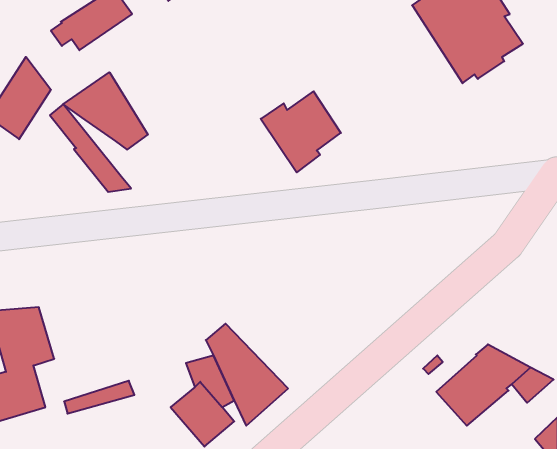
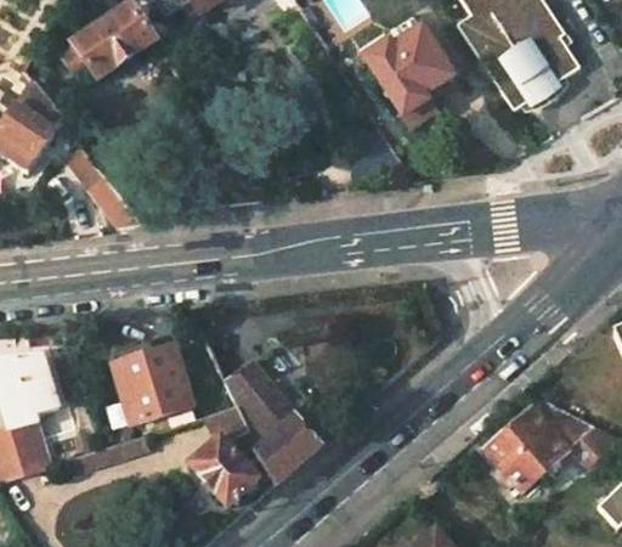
building: [63,72,148,150] -> none
building: [261,91,341,172] -> [362,27,451,117]
building: none -> [112,346,194,428]

